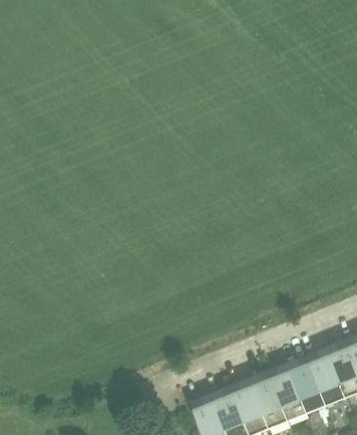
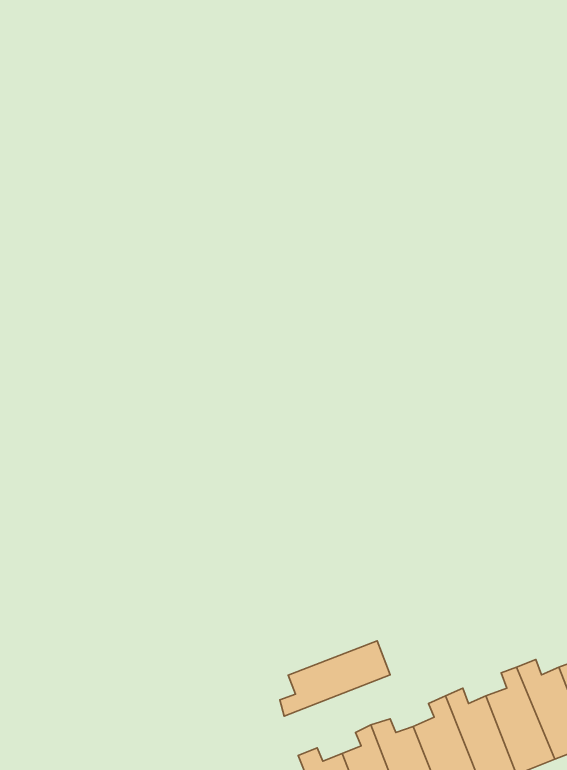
building: none -> [280,641,390,716]

